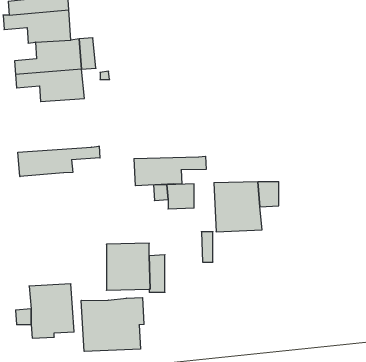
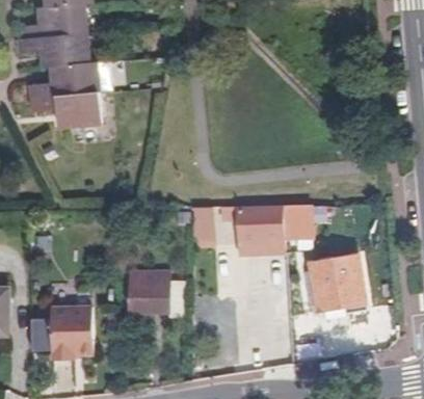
building: [18,146,100,177] -> none
building: [134,156,206,186] -> none
building: none -> [306,257,360,312]
building: [81,298,144,351] -> none

